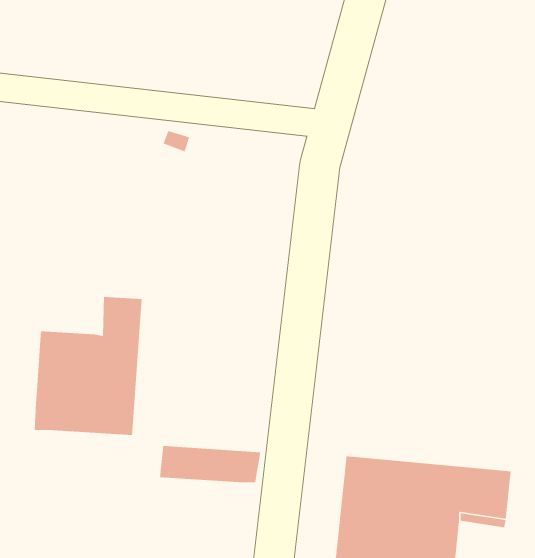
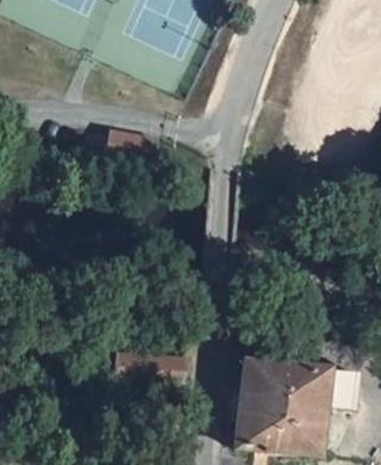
building: [34,296,143,436] -> none

